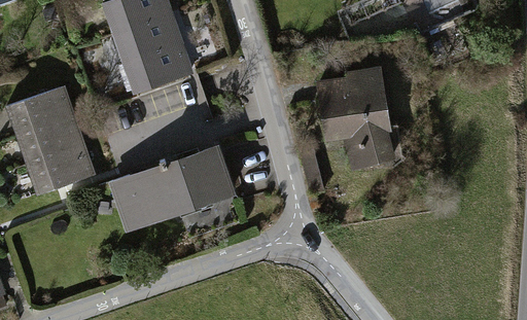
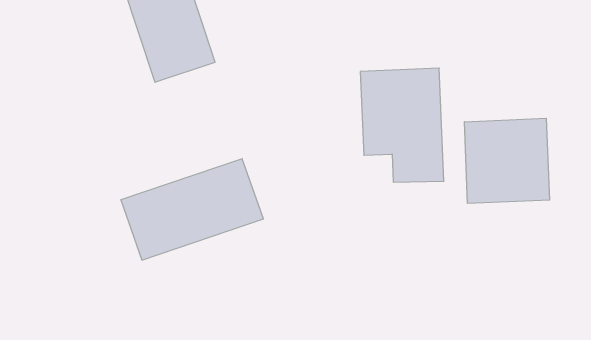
building: [7,84,89,188] -> none
building: none -> [464,118,550,203]

